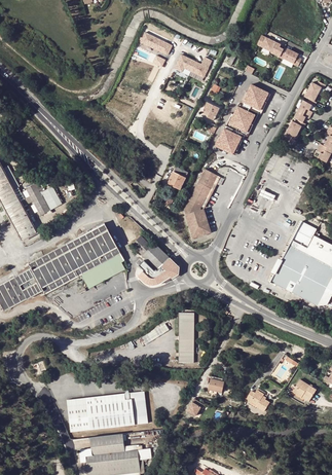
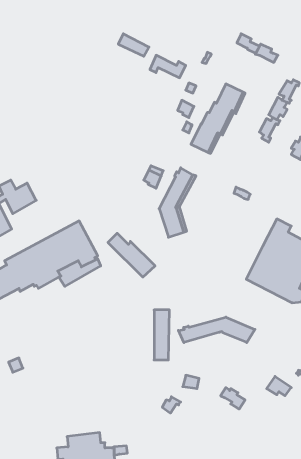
building: none -> [178,317,255,343]
building: [66,391,149,432] -> none

